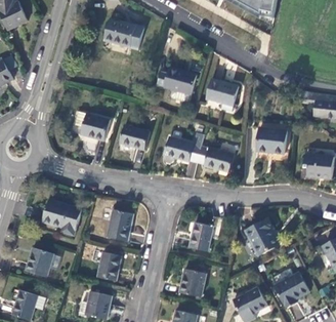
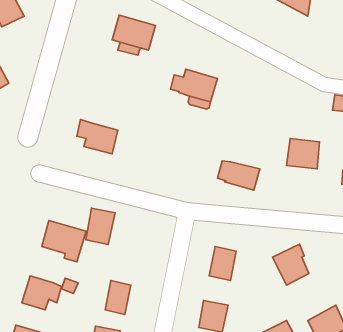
building: [205,77,239,105] -> none
building: [119,124,149,149] -> none
building: [164,131,204,162] -> none
building: [108,208,133,240] -> [86,208,115,244]

